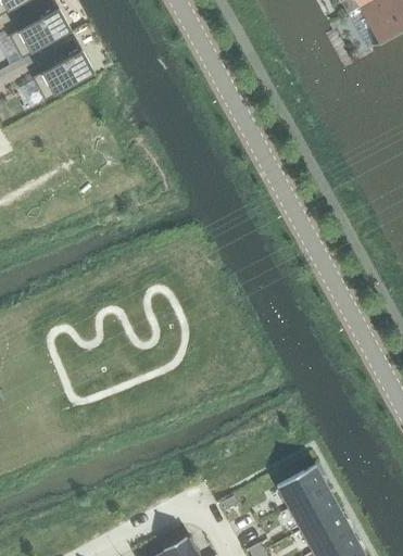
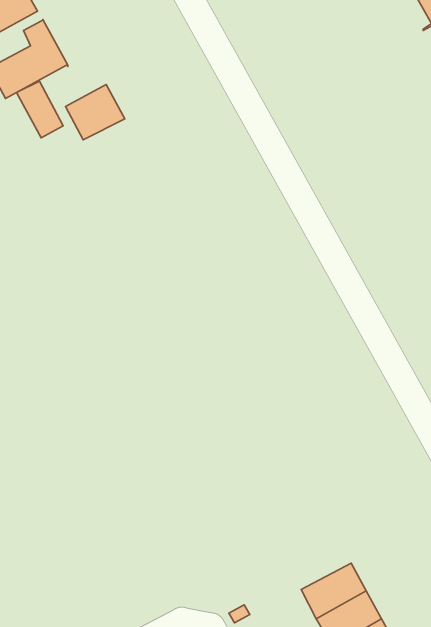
building: none -> [17,81,63,138]
building: none -> [66,84,125,140]

